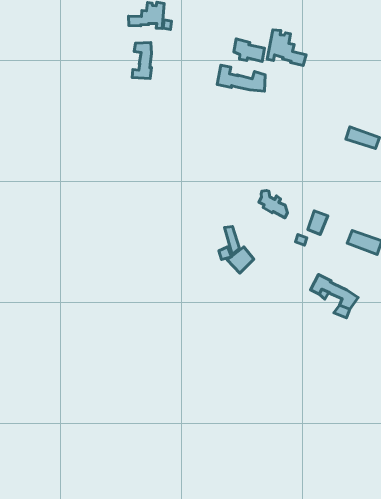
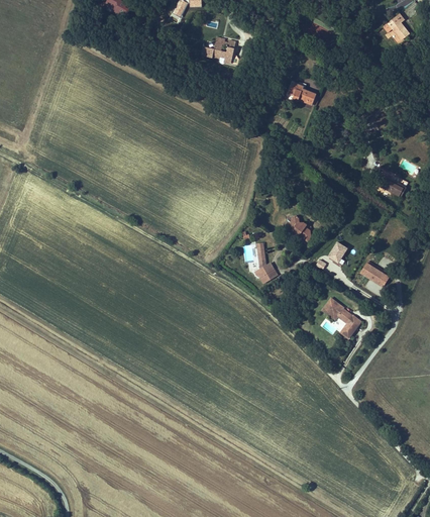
building: [267,30,306,66] -> none
building: [132,43,151,79] -> none
building: [217,65,265,91] -> none

